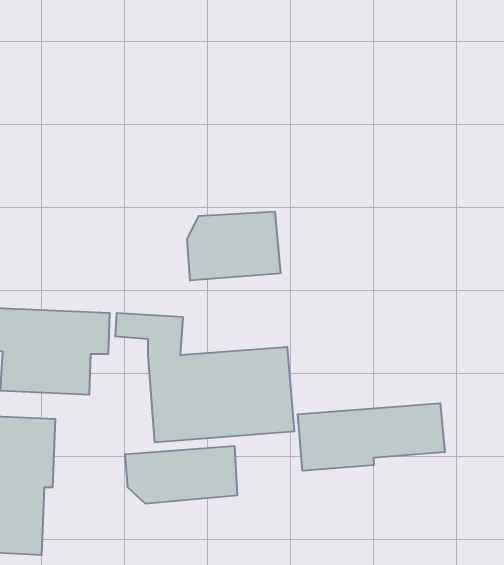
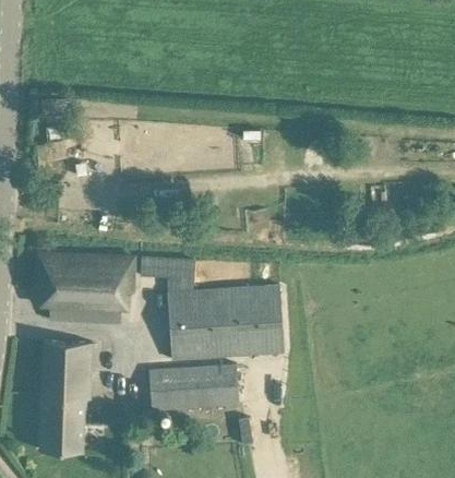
building: [187,212,280,281] -> none
building: [298,403,445,471] -> none

